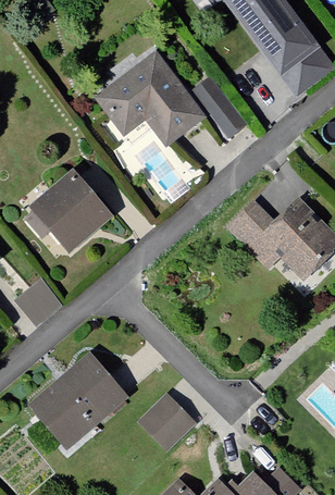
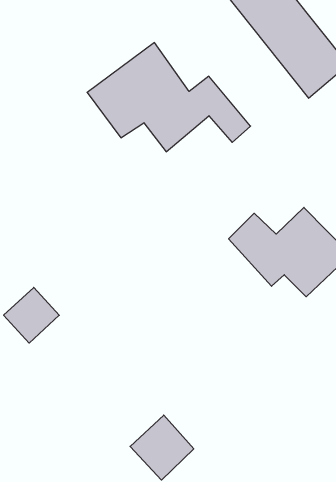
building: [34,160,120,246] -> none
building: [25,352,127,450] -> none

